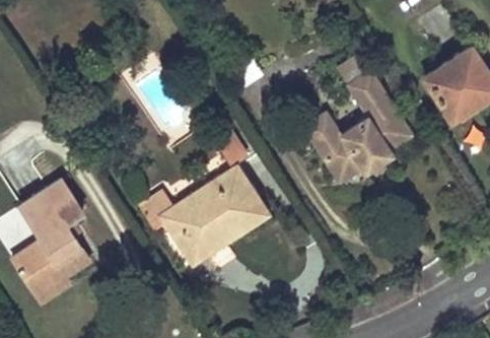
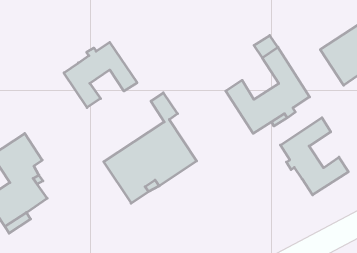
building: none -> [64,42,137,108]
building: none -> [280,118,348,195]

